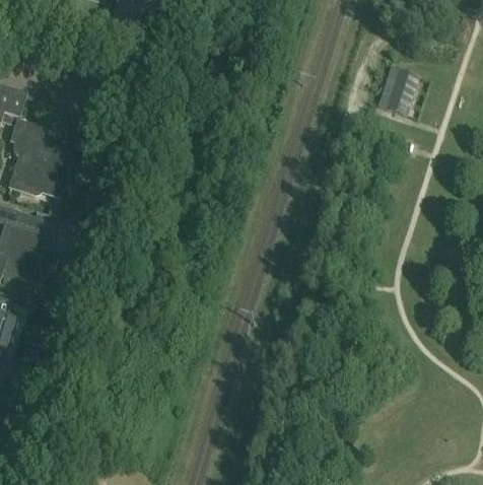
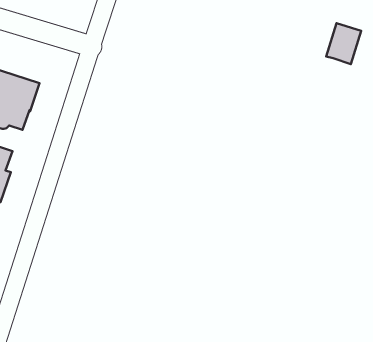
building: [377,66,419,115] -> [326,23,361,64]

